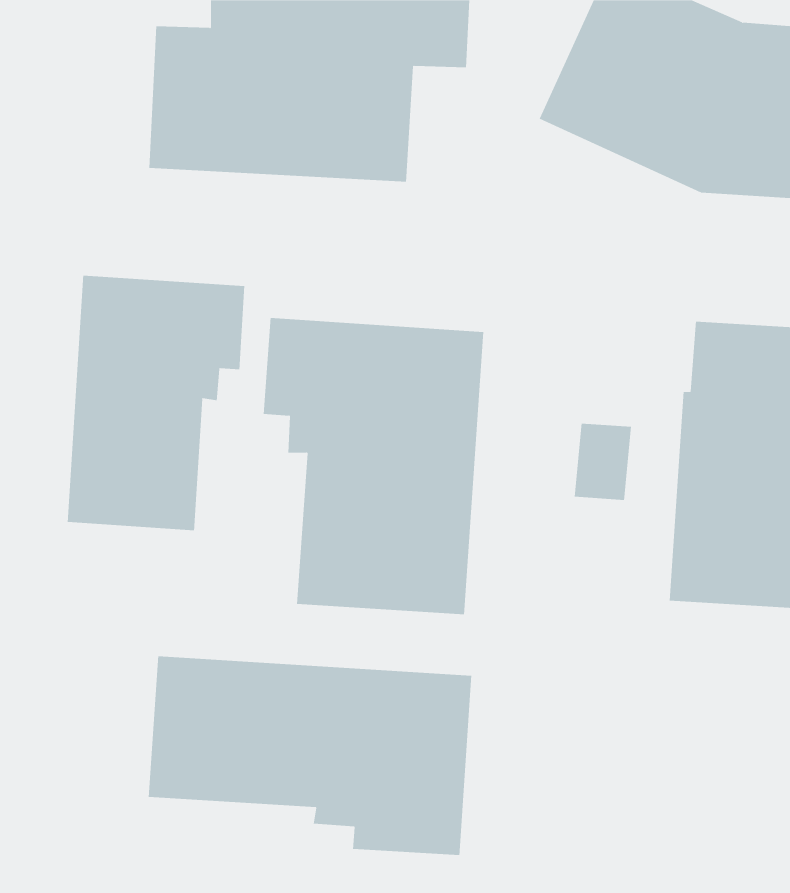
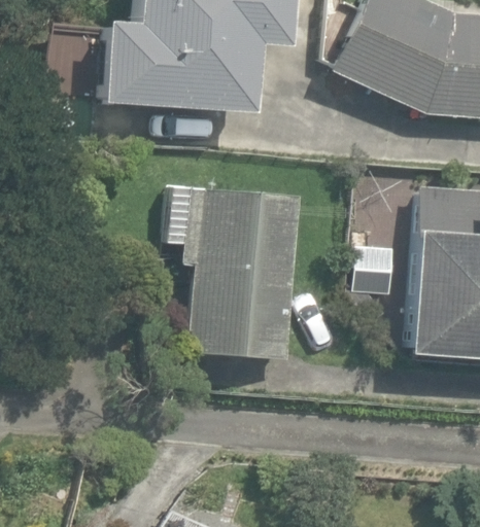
building: [67,275,245,531] -> none
building: [148,655,472,856] -> none

